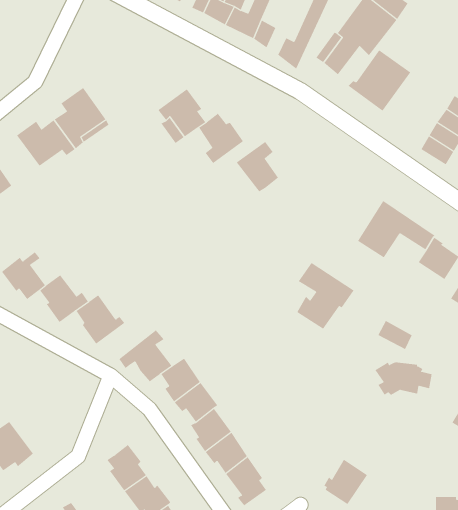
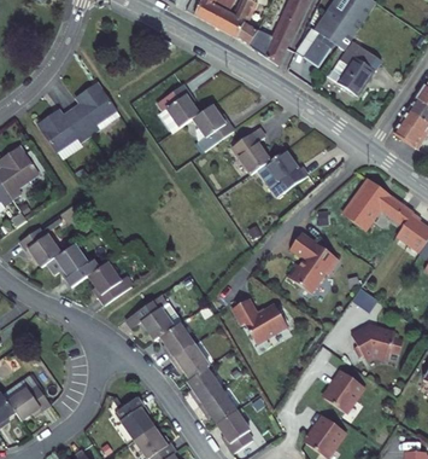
building: none -> [254,149,306,196]
building: none -> [231,297,287,343]
building: none -> [324,366,363,407]

